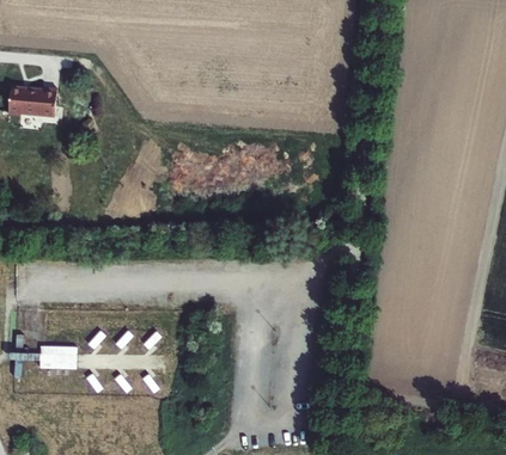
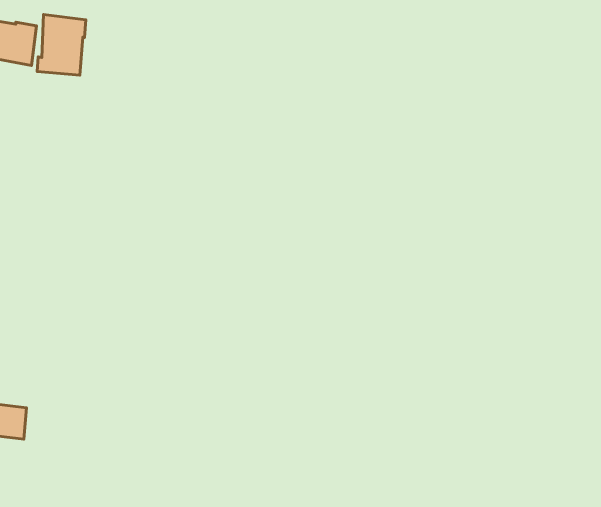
building: none -> [37,15,86,75]

